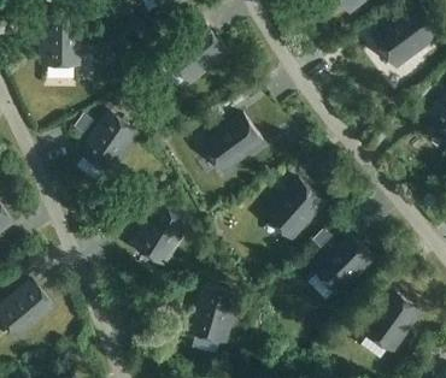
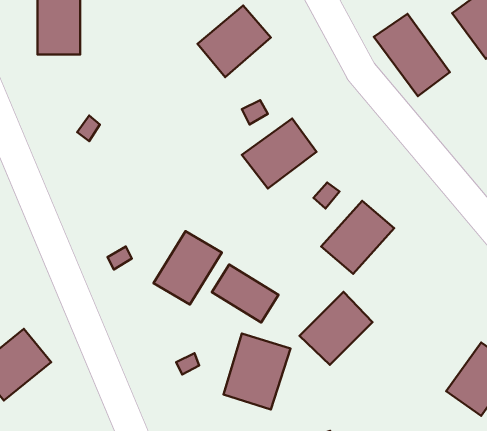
building: none -> [374,14,450,96]
building: [82,113,137,172] -> none
building: none -> [212,264,278,323]
building: [316,236,374,294] -> [299,292,373,365]

